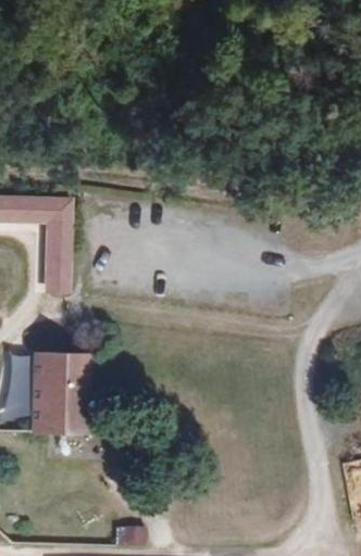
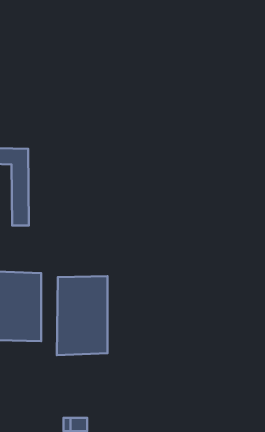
building: none -> [57,276,107,355]

